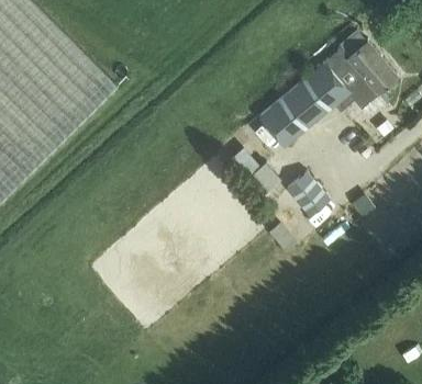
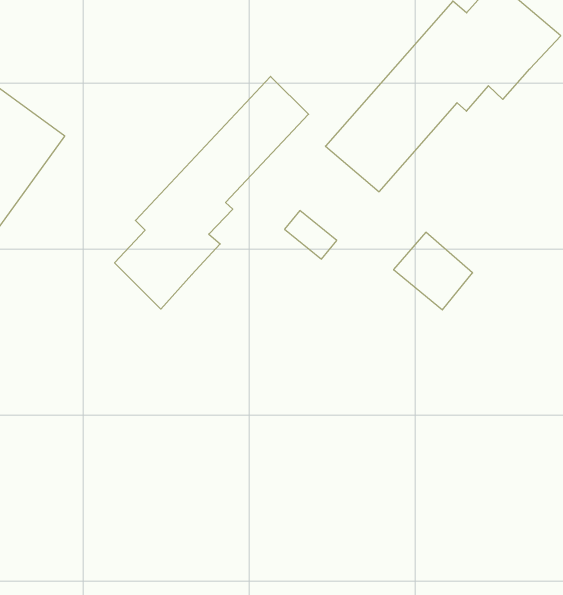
building: none -> [115,76,309,309]

